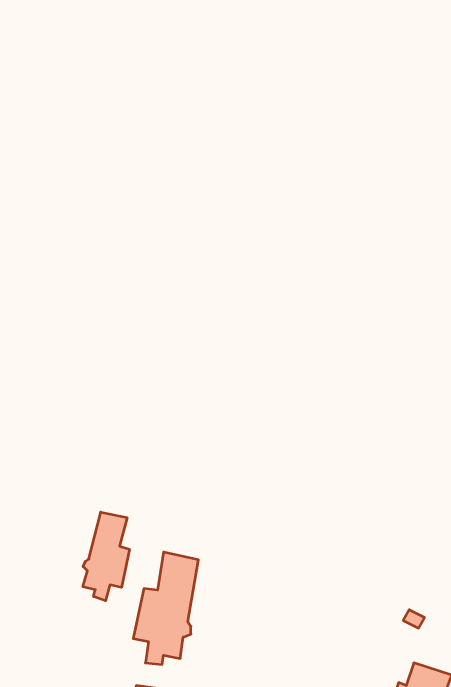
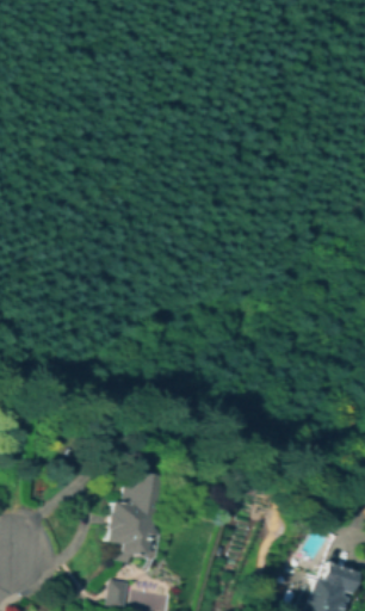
building: [83,512,129,601] -> none

